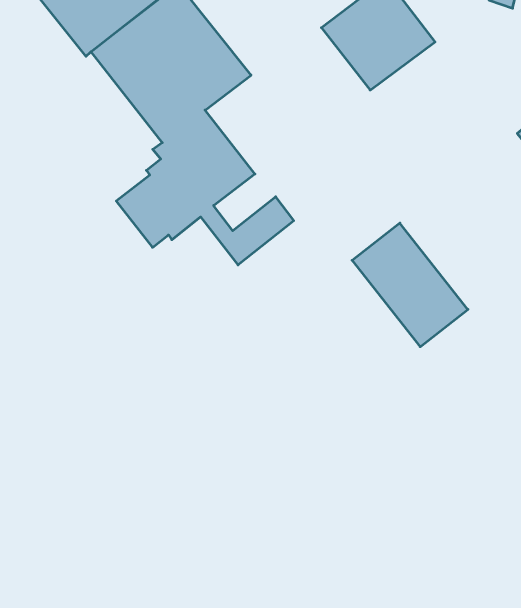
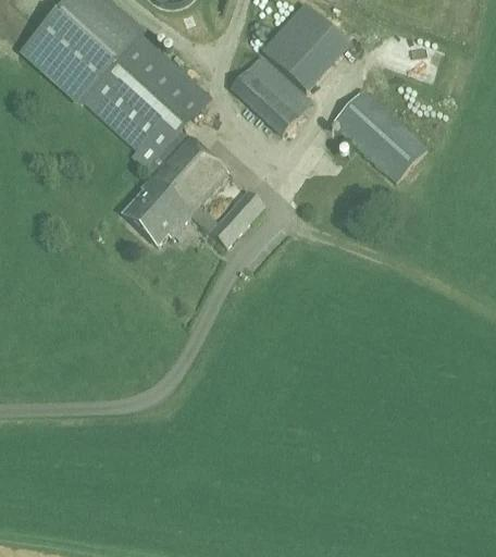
building: none -> [230,52,311,134]
building: [352,223,468,347] -> [330,87,427,182]

